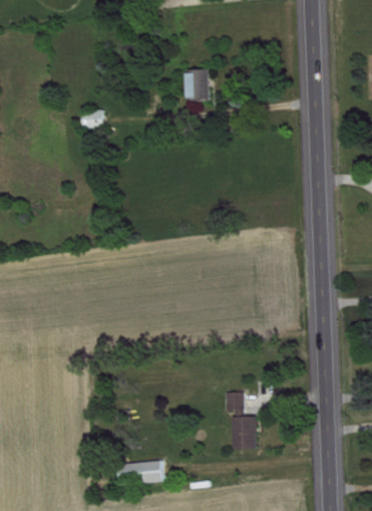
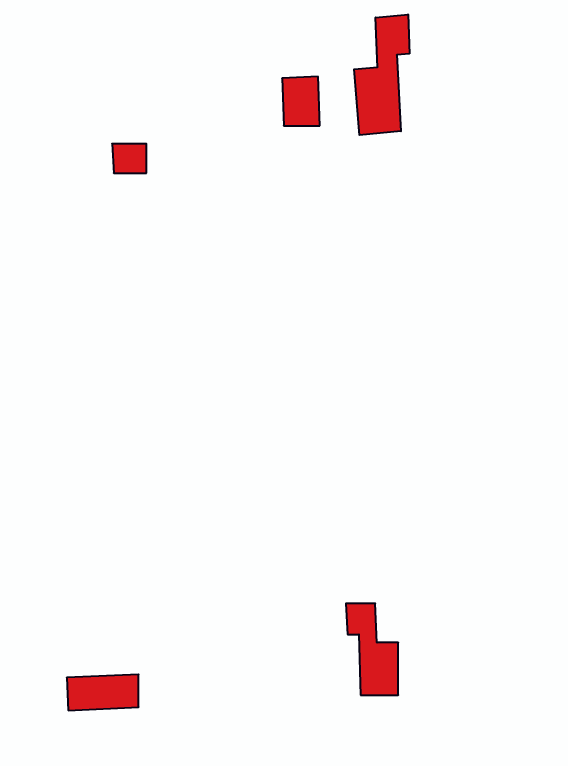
building: none -> [354,14,409,135]
building: [118,462,162,484] -> [67,674,139,710]

